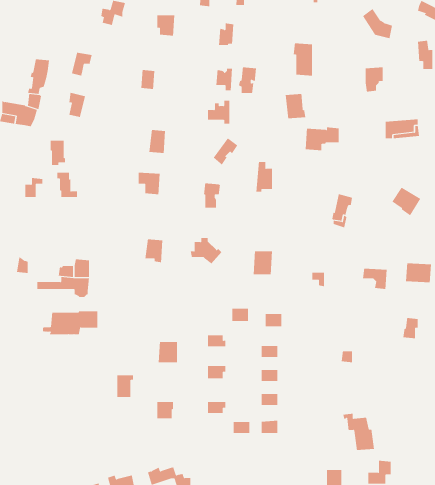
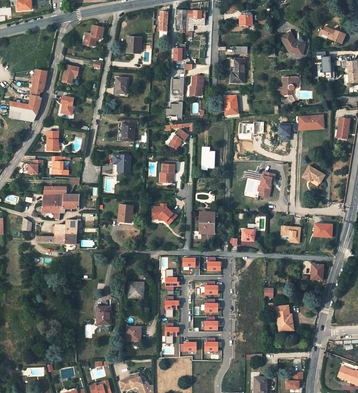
building: [42,311,98,335] -> [35,195,77,213]
building: [343,413,375,450] -> [268,303,292,331]

